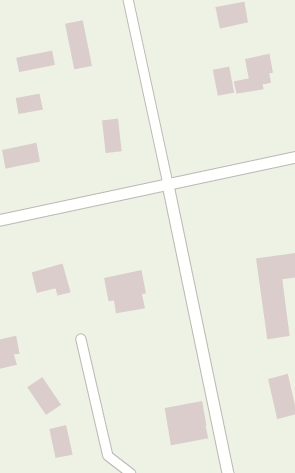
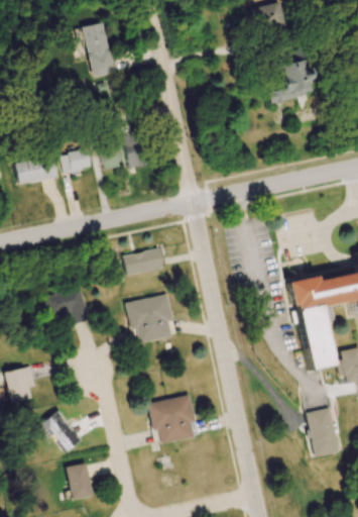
building: [15,50,56,73] -> none
building: [212,66,235,97] -> none
building: [15,93,44,115] -> [61,149,92,173]
building: none -> [100,145,122,170]
building: none -> [123,249,163,274]
building: [164,400,209,446] -> [148,395,198,444]

